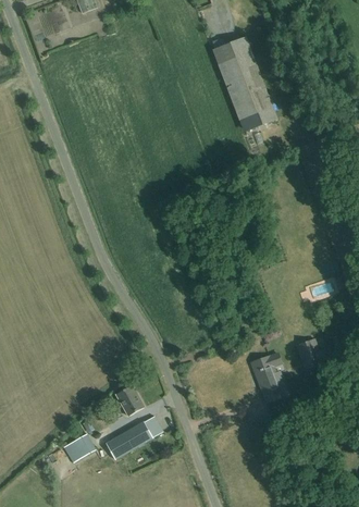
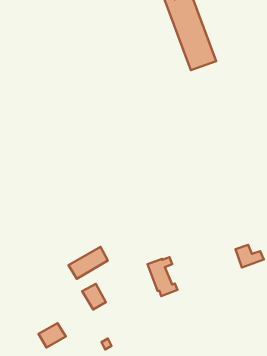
building: [250,354,286,400] -> [148,257,178,296]
building: [104,420,151,458] -> [69,247,108,279]

